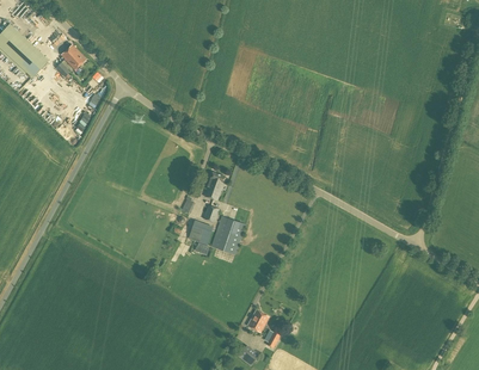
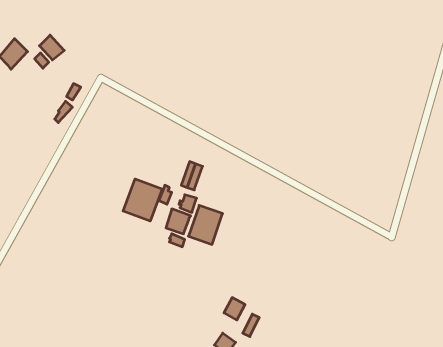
building: none -> [123,179,162,221]

